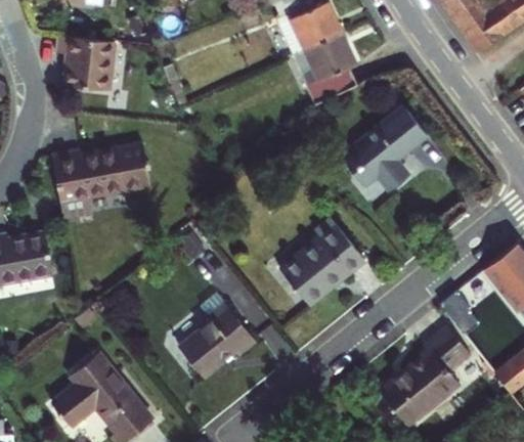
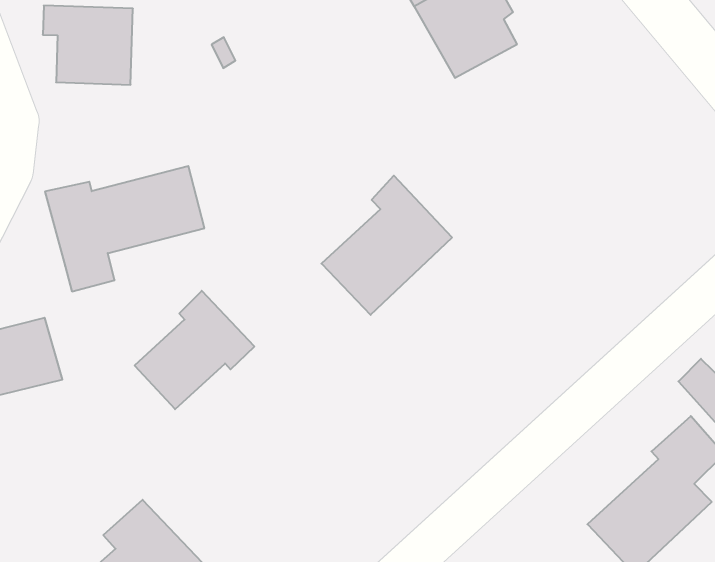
building: [342,109,426,191] -> none
building: [280,219,364,306] -> [321,176,452,315]
building: [179,305,256,379] -> [135,291,254,409]

